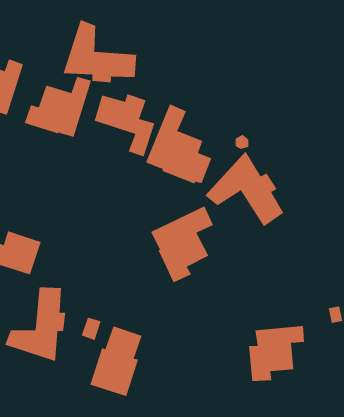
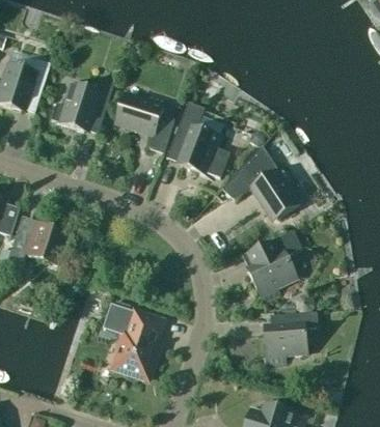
building: [63,19,137,83] -> none
building: [150,206,214,283] -> [241,229,301,303]
building: [4,286,66,362] -> none

